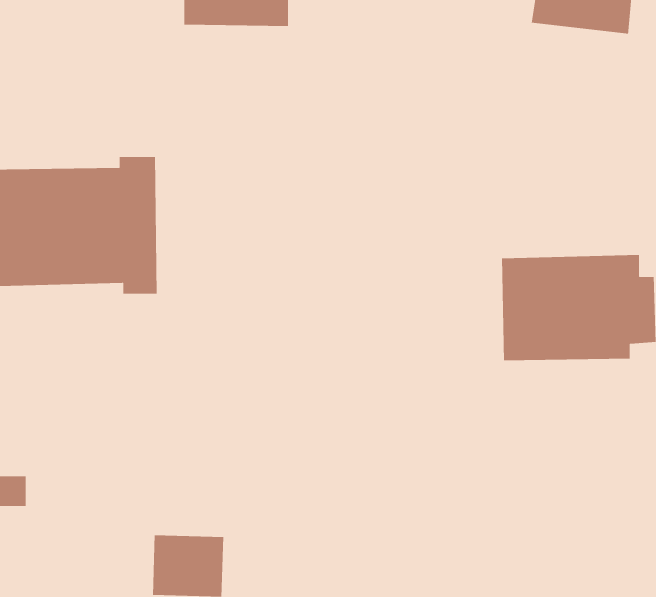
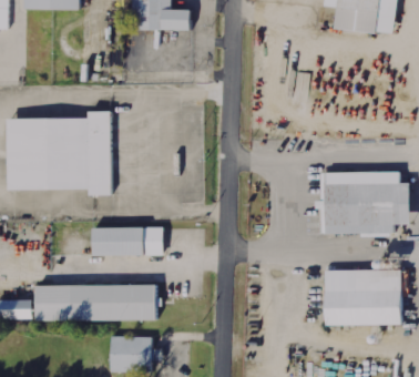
building: none -> [89,228,162,256]
building: none -> [324,271,401,326]
building: none -> [39,282,156,317]

